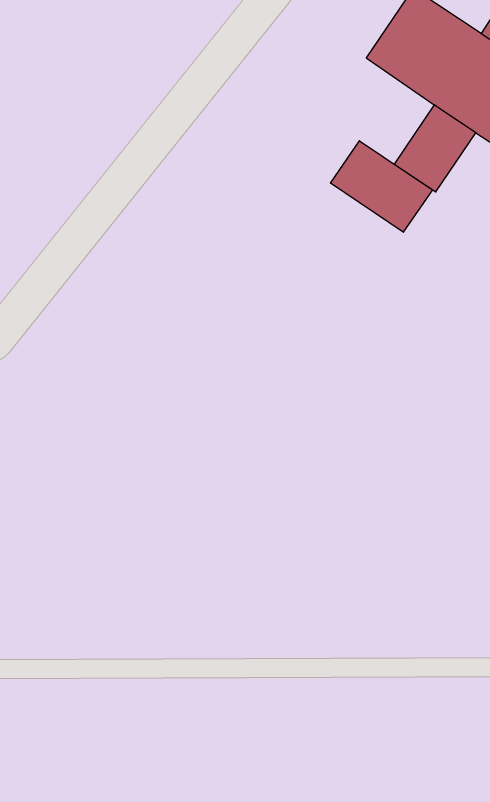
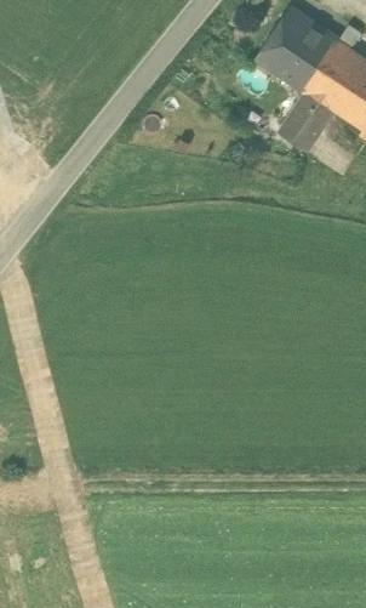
building: [330,141,432,232] -> none

